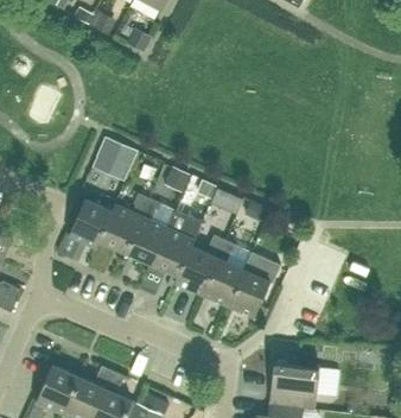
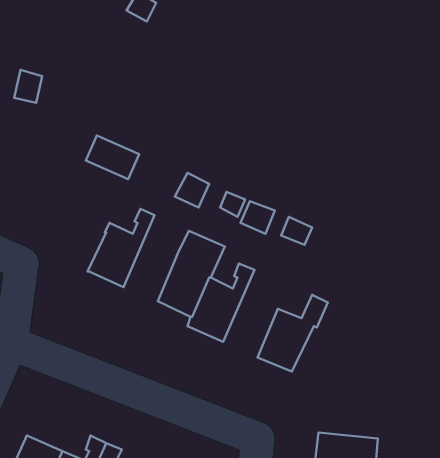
building: [125,198,166,264] -> none
building: [57,200,112,258] -> none
building: [200,240,242,306] -> none

